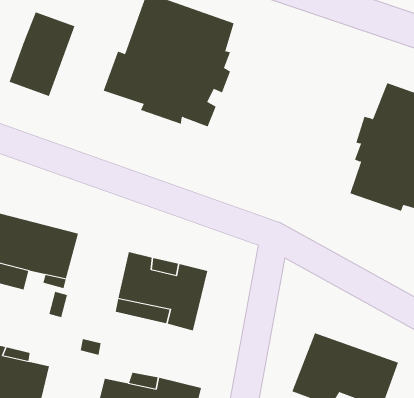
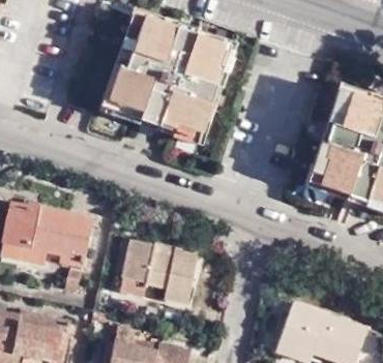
building: [9,12,75,97] -> none

